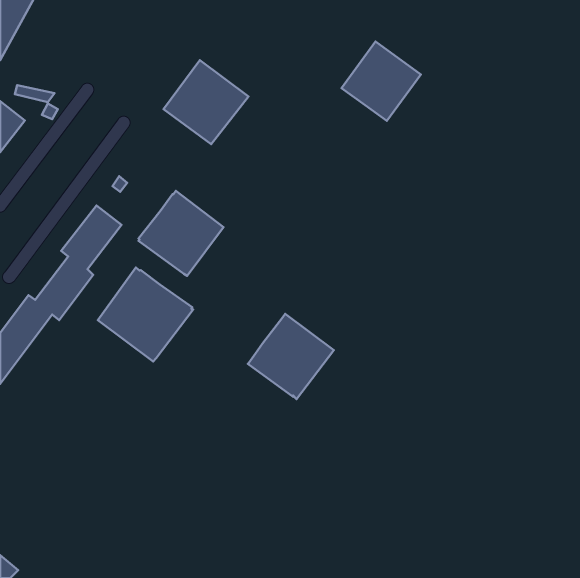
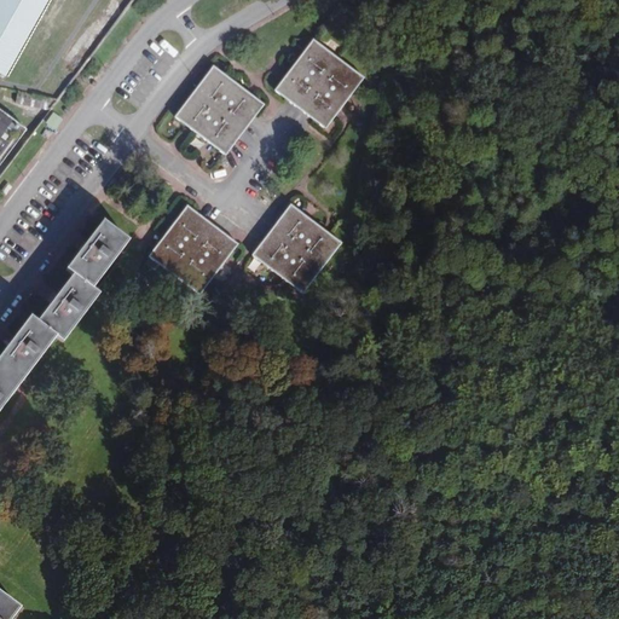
building: [341,41,421,121] -> [273,41,358,126]
building: [98,267,193,362] -> none
building: [248,314,334,399] -> [250,202,342,293]

